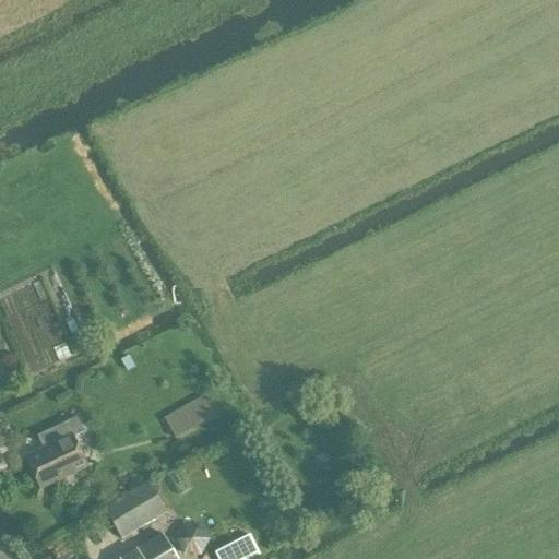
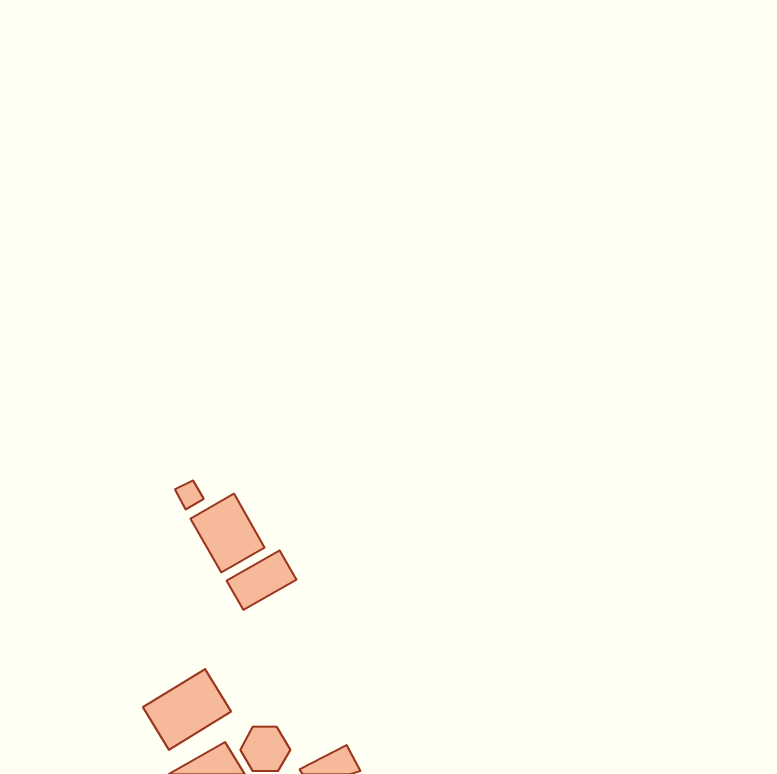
building: none -> [191,494,265,572]
building: [25,416,86,488] -> none

